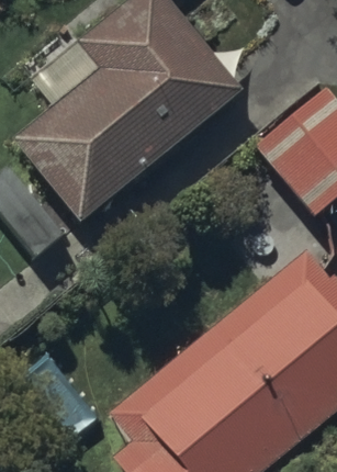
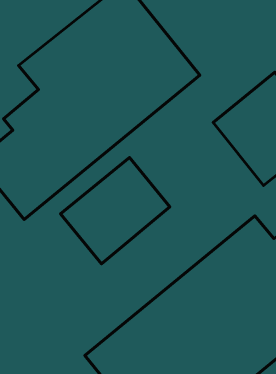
building: none -> [61,158,170,264]

